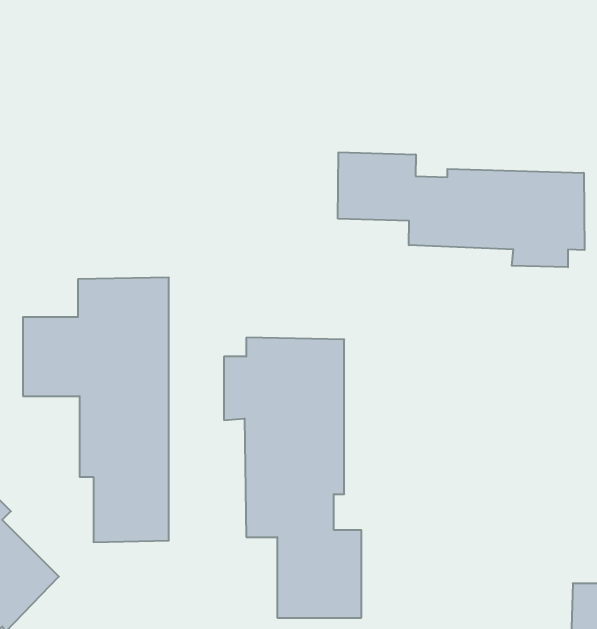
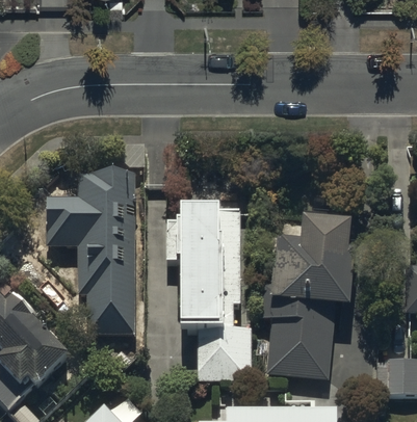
building: [338,152,585,267] -> none
building: none -> [258,220,356,377]

